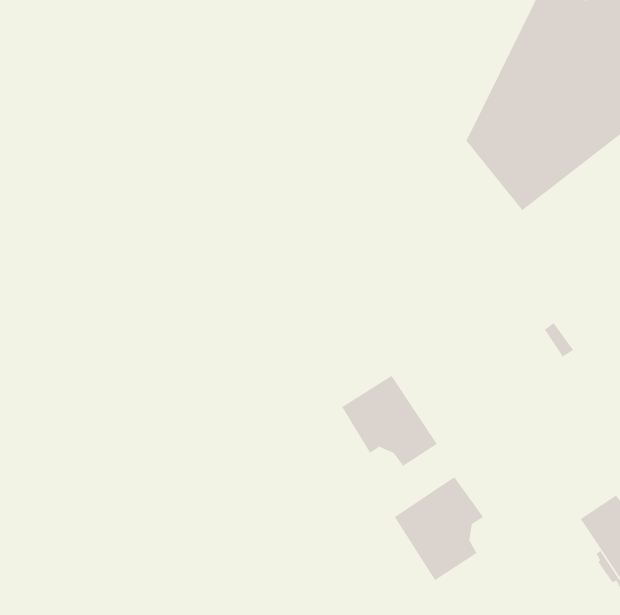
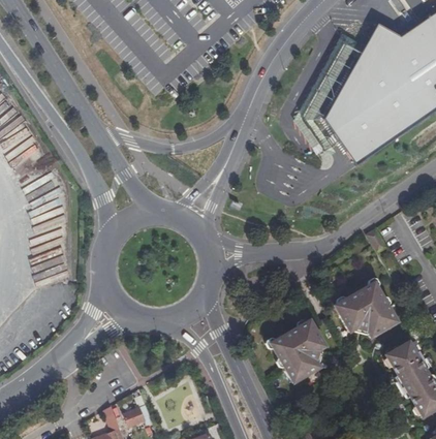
building: [341,375,438,467] -> none
building: none -> [334,281,398,336]

